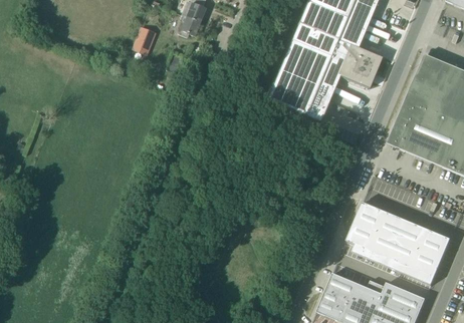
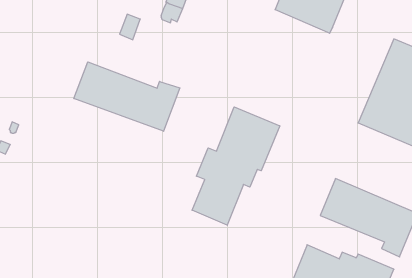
building: [266,22,377,121] -> none
building: none -> [74,62,180,131]
building: none -> [192,107,280,225]

